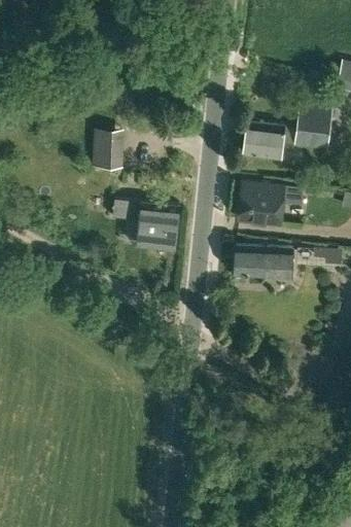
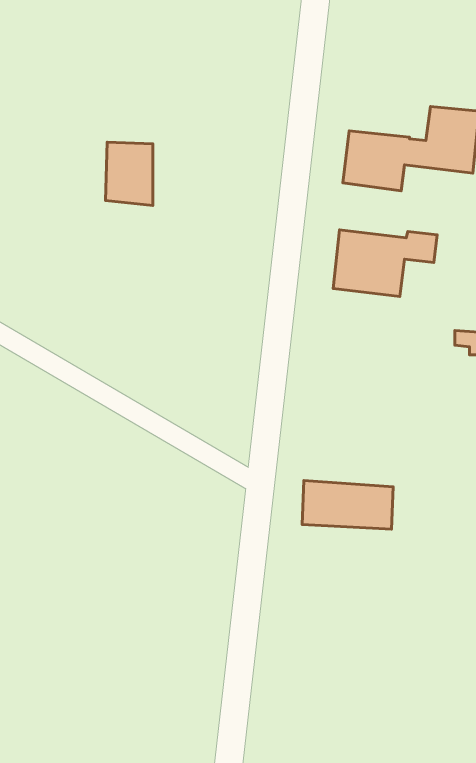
building: [114,200,181,250] -> none
building: [235,246,292,277] -> [302,480,393,529]

